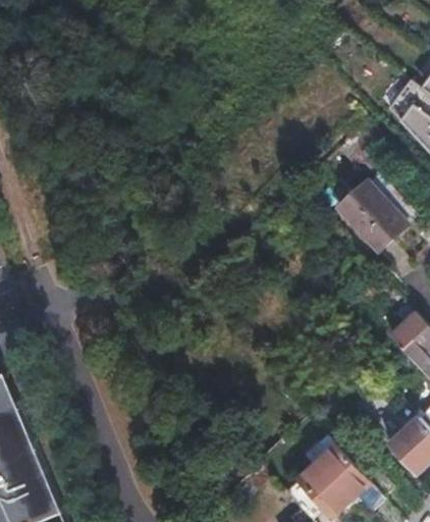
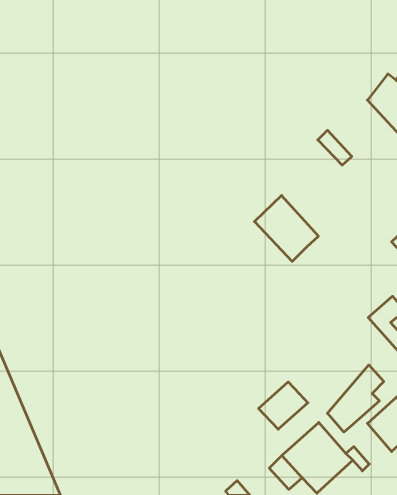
building: [339,181,407,251] -> [254,195,318,261]
building: none -> [327,365,384,432]
building: none -> [259,382,308,429]

